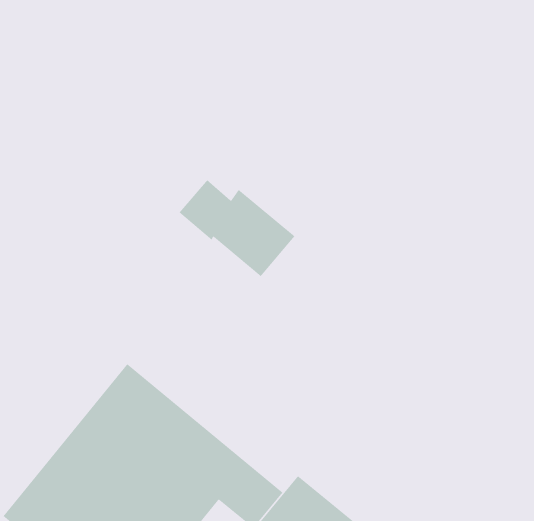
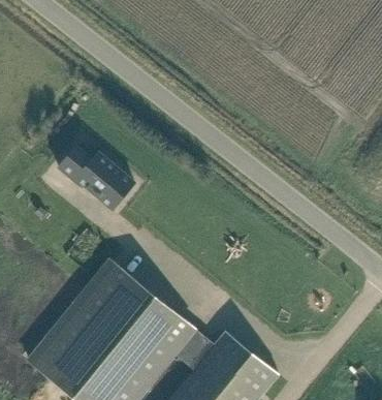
building: [179,179,295,277] -> [57,146,133,210]

